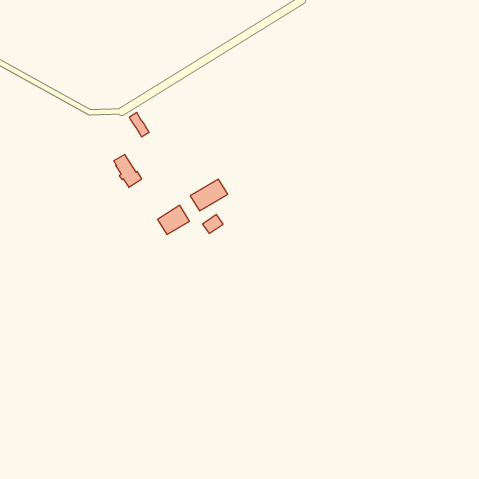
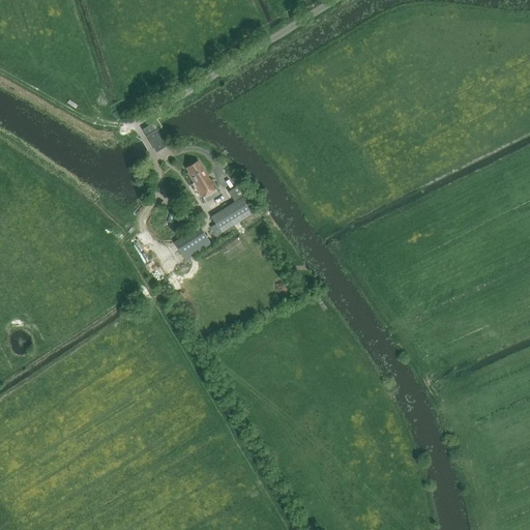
building: [114,154,142,187] -> [185,160,216,197]

